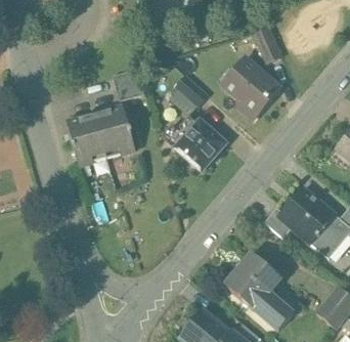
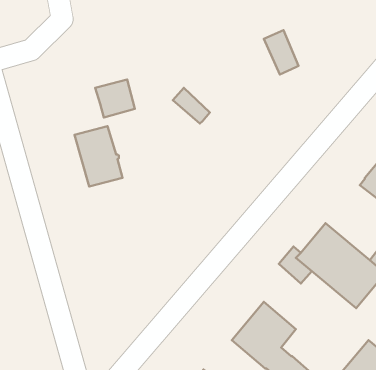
building: [228,57,278,118] -> none
building: [67,113,106,164] -> none
building: [163,115,225,169] -> none

